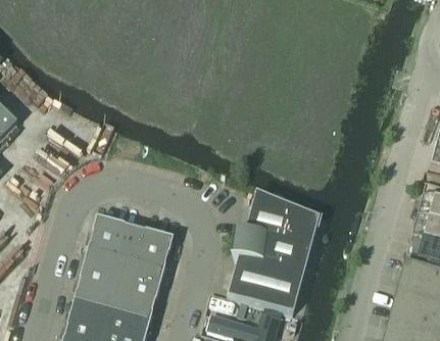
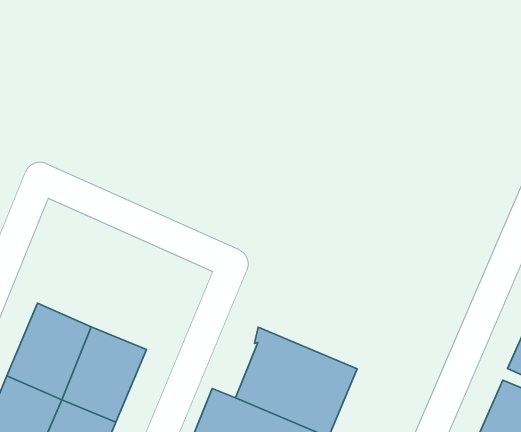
building: [237,190,320,264] -> none
building: [88,216,173,270] -> none

